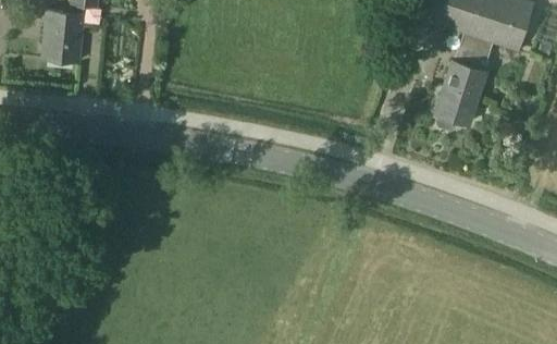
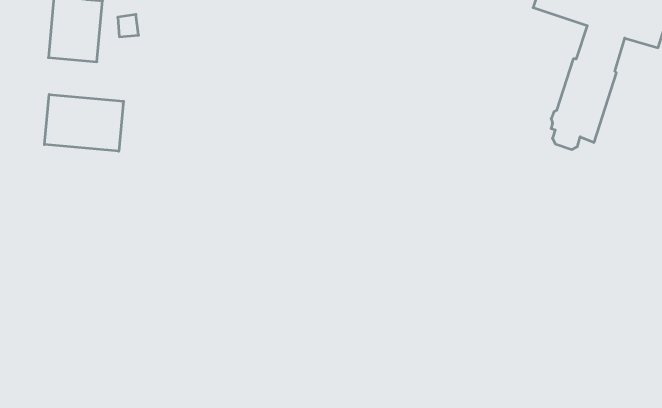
building: none -> [44,94,124,151]

